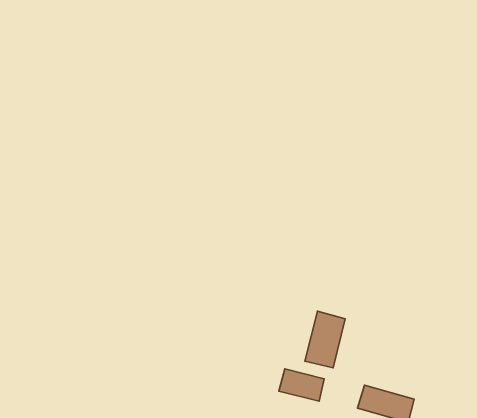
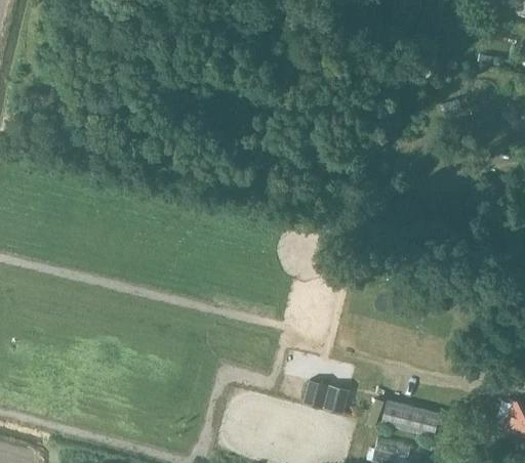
building: [305,311,345,368] -> none

